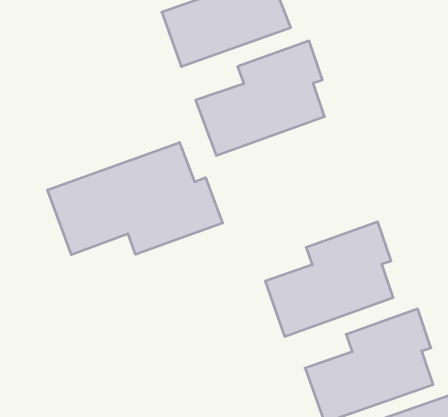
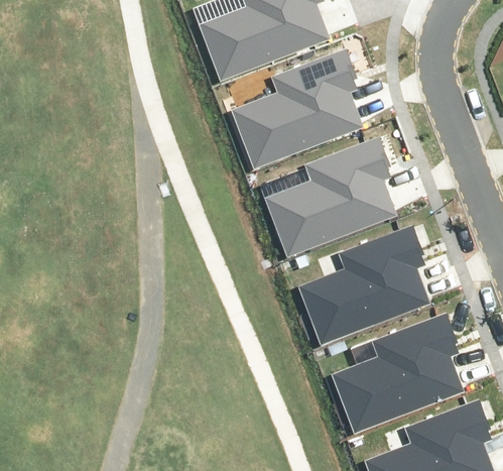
building: none -> [265,141,392,254]
building: [48,142,223,255] -> none

